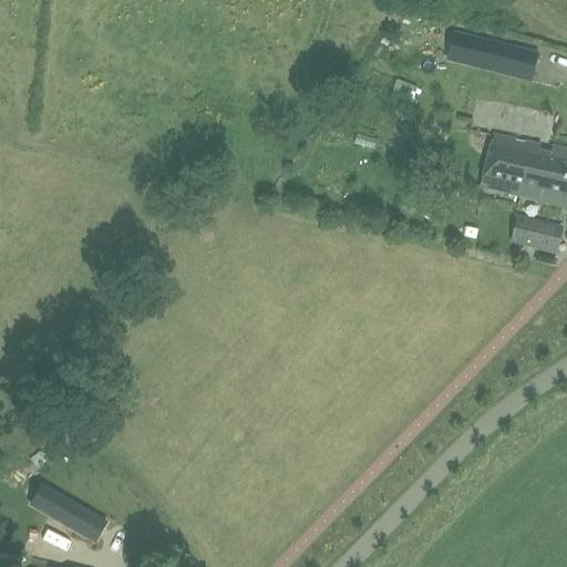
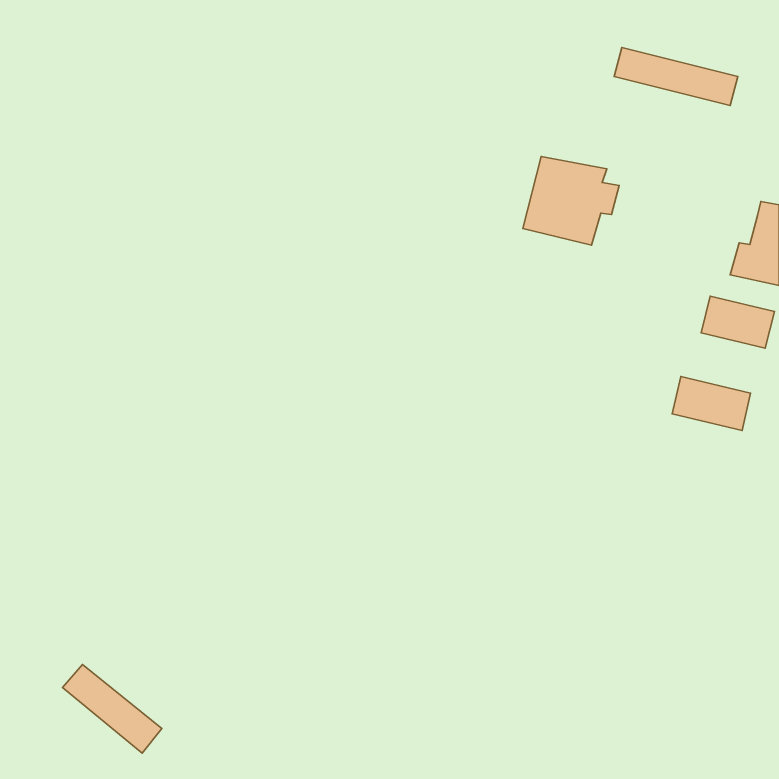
building: [480,135,549,199] -> [523,157,619,245]
building: none -> [672,377,751,430]

